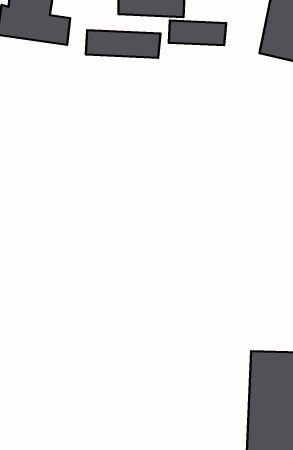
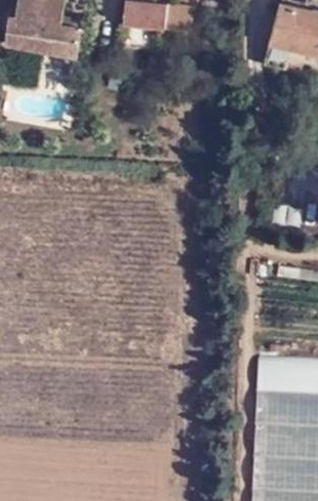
building: [169,21,226,45] -> none
building: [86,30,161,58] -> none

